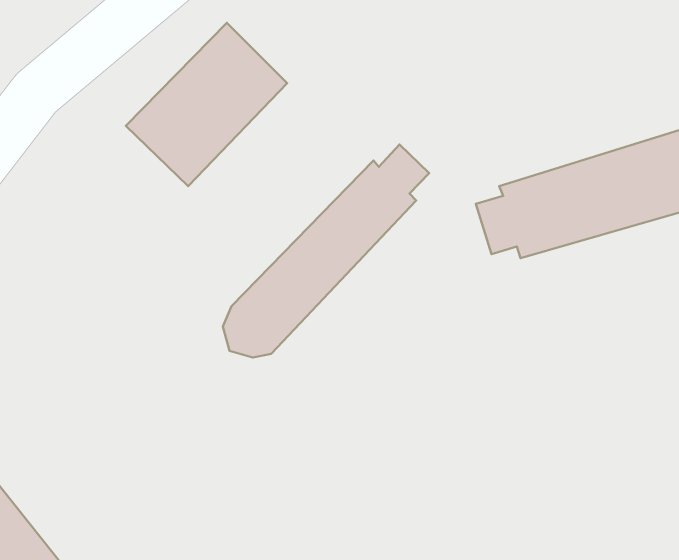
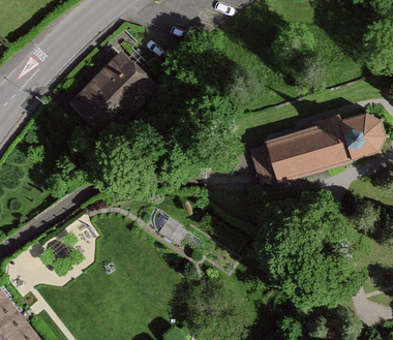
building: [223,145,429,357] -> none

